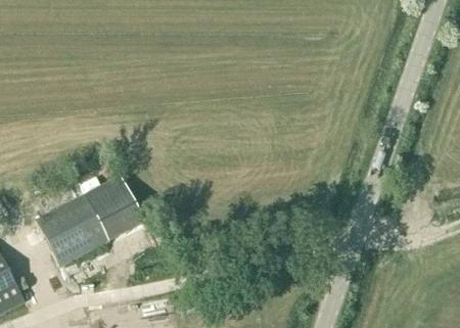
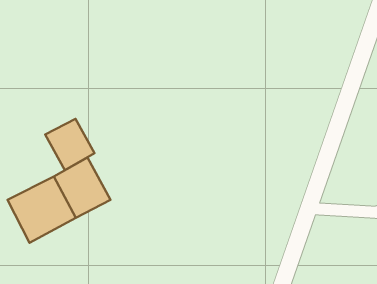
building: none -> [45,119,95,170]

